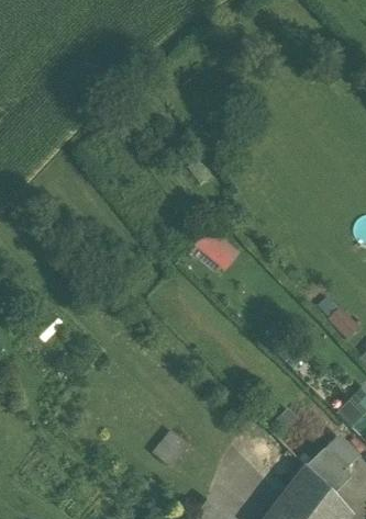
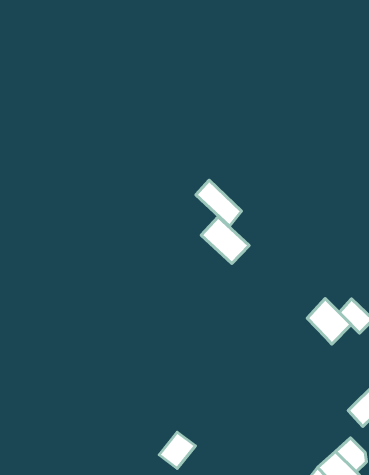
building: none -> [196,180,242,226]
building: none -> [307,299,351,344]

